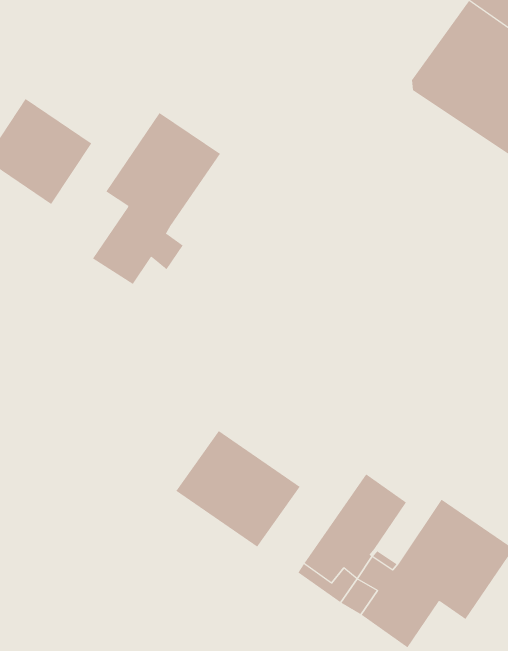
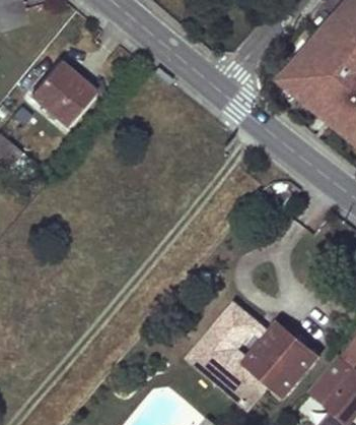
building: [92,112,221,285] -> none
building: [176,430,300,548] -> none

